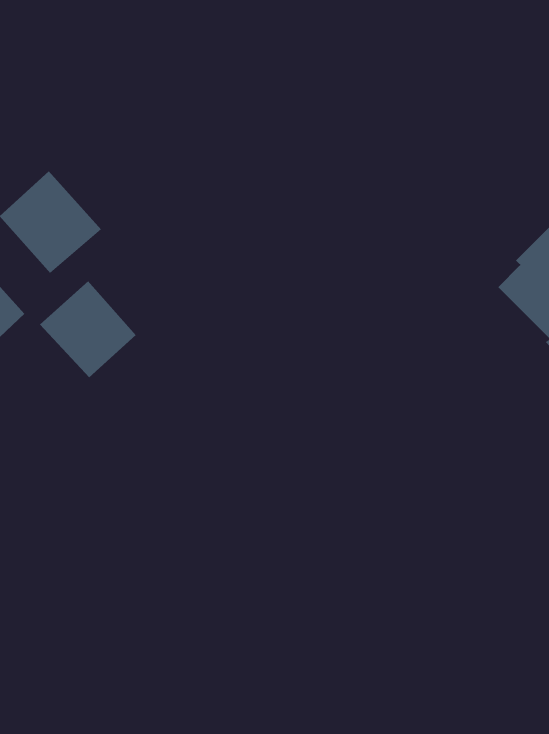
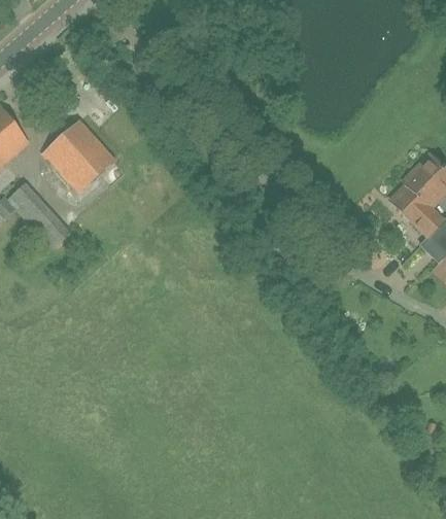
building: [39,281,137,378] -> none

